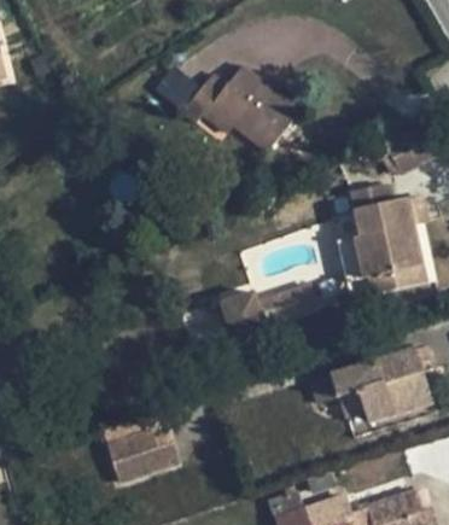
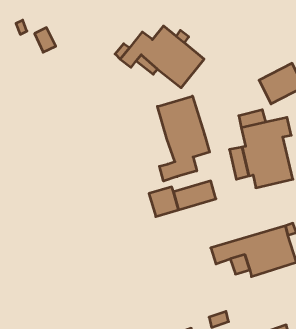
building: none -> [157,96,210,181]
building: [101,409,179,483] -> none

